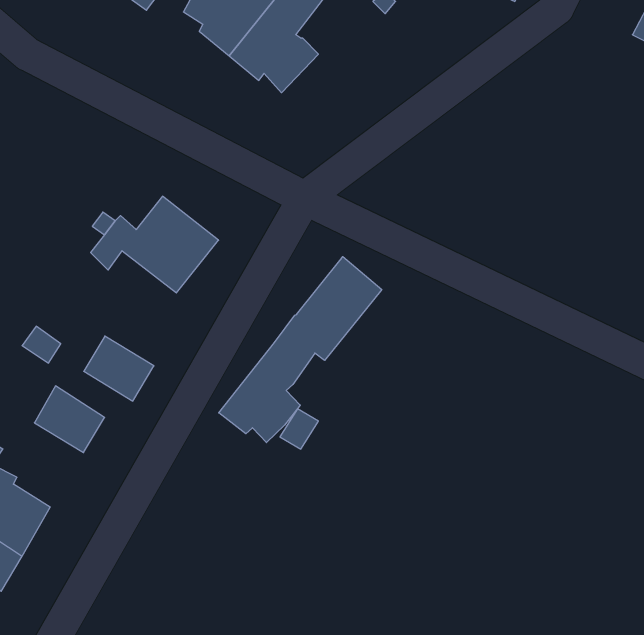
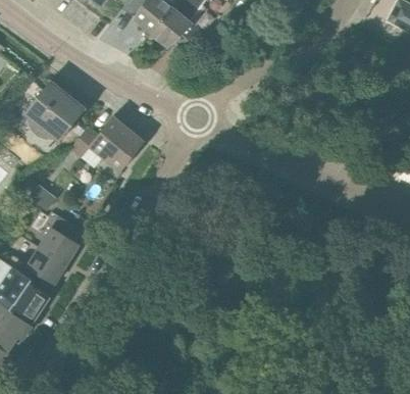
building: none -> [23,81,85,142]
building: [219,257,382,443] -> none
building: [84,336,154,401] -> [25,247,66,285]

